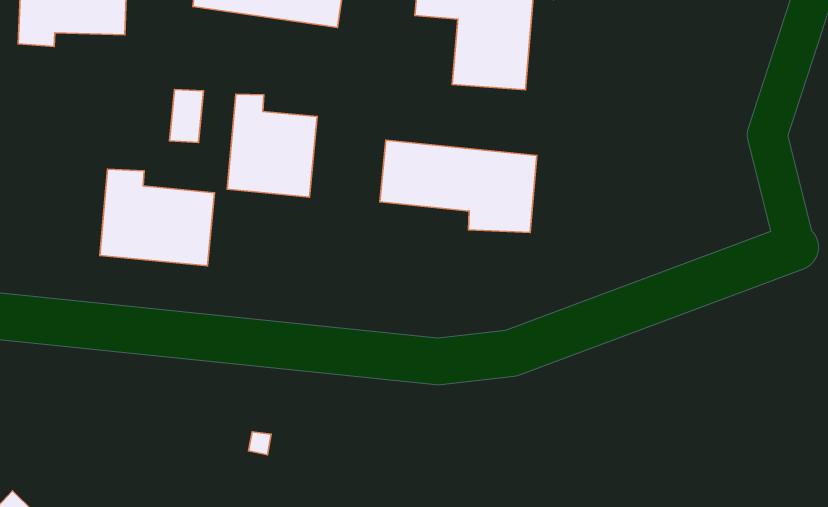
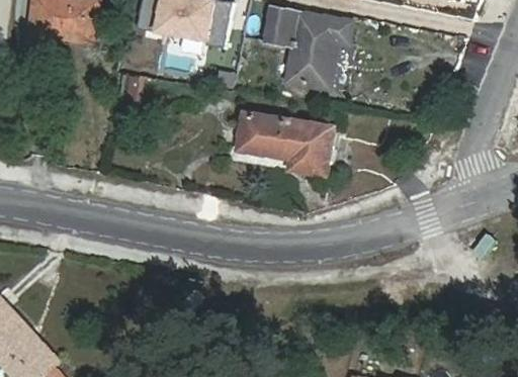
building: [227,94,317,197] -> none
building: [100,169,214,266] -> none

